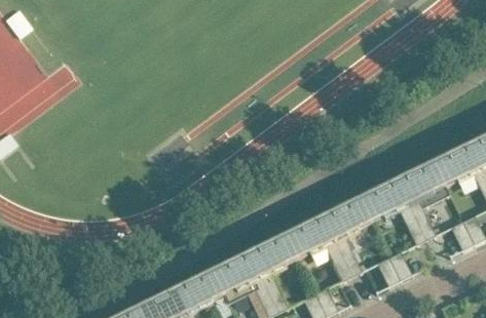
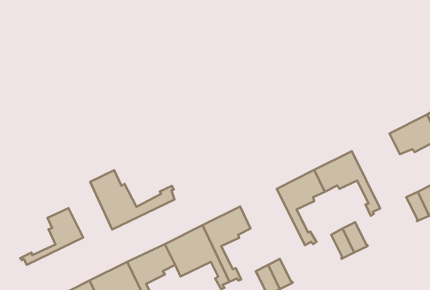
building: [391,162,439,236] -> none
building: none -> [90,170,175,229]
building: [282,216,345,279] -> none
building: none -> [20,208,83,265]

